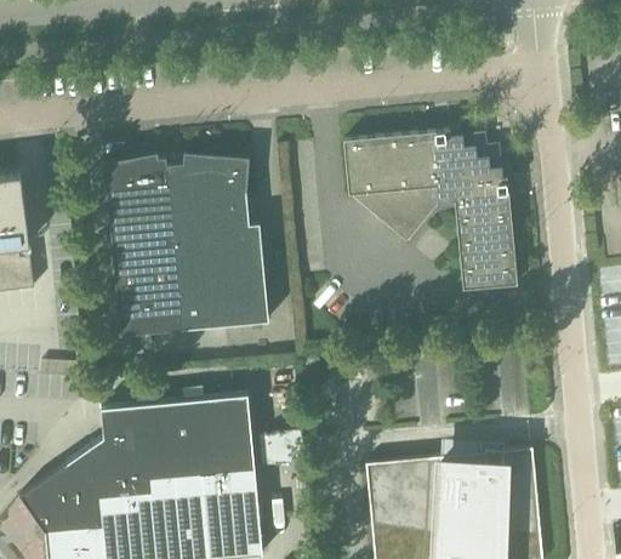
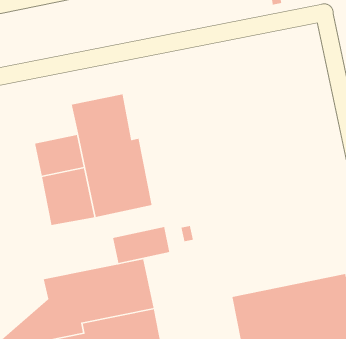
building: [343,131,517,290] -> none
building: [104,158,172,215] -> none
building: none -> [112,226,170,264]

